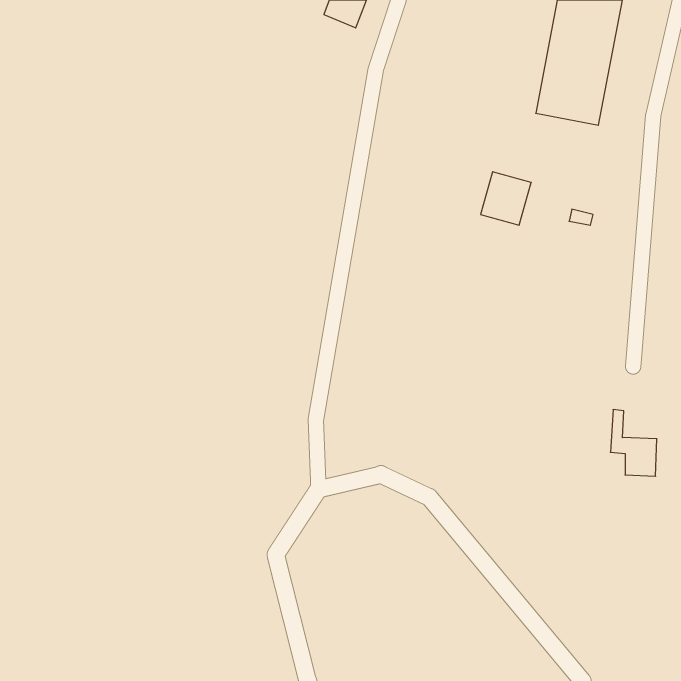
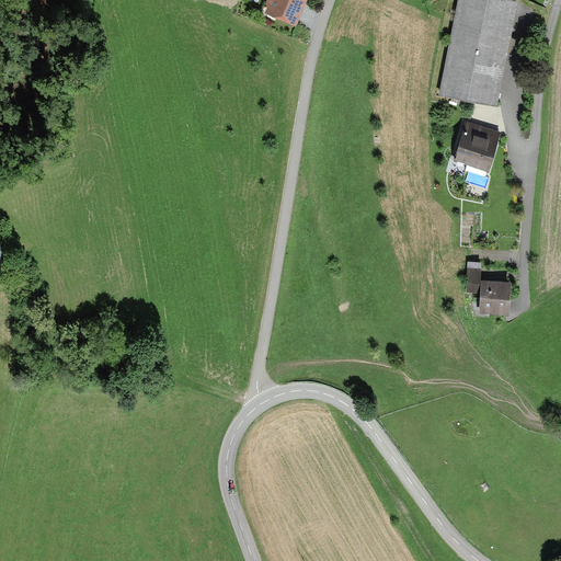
building: [481,172,531,225] -> [455,125,496,169]
building: [610,410,657,476] -> [469,257,507,312]

